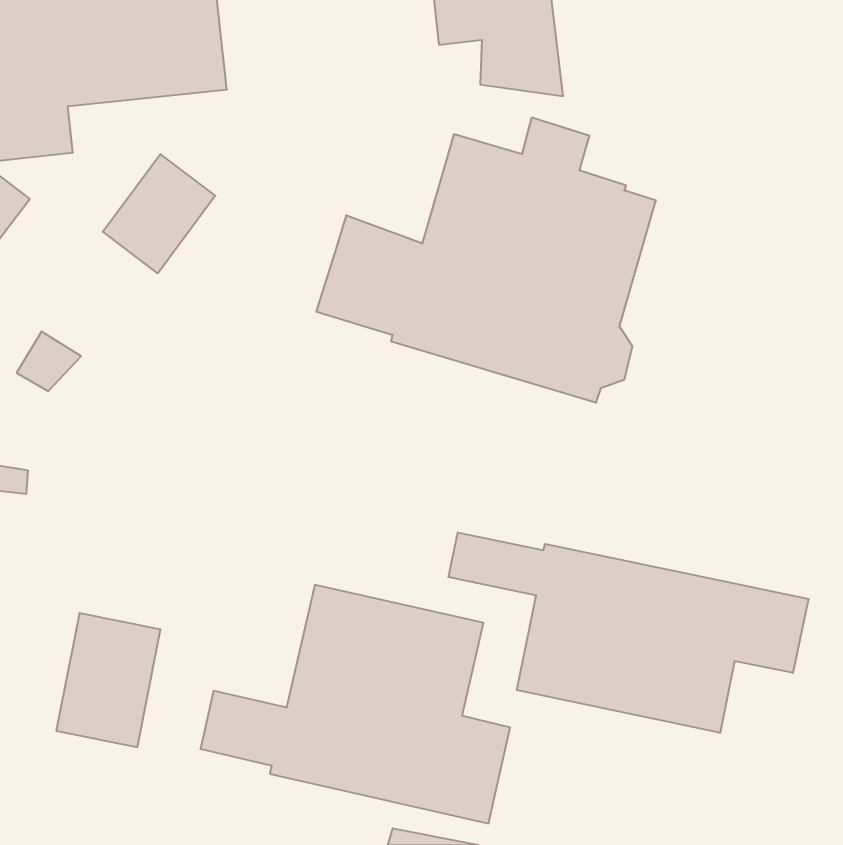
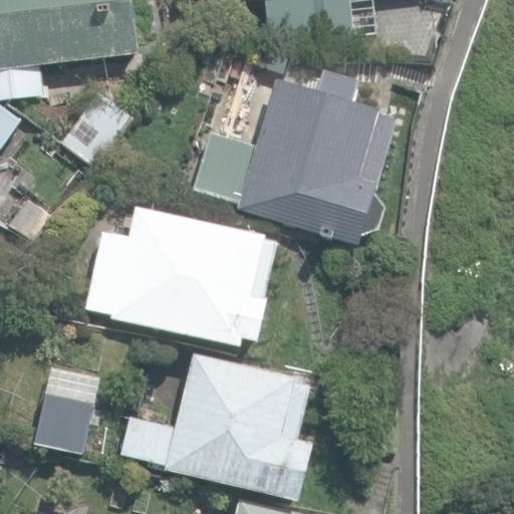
building: none -> [85,206,274,346]
building: [448,532,809,733] -> none

